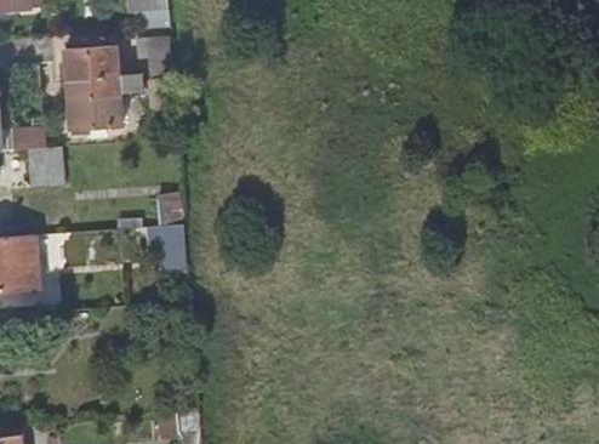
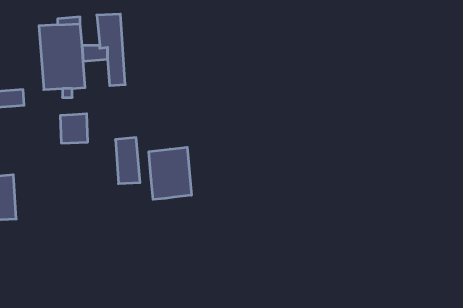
building: [30,147,64,183] -> [60,114,88,143]
building: none -> [149,147,191,199]

